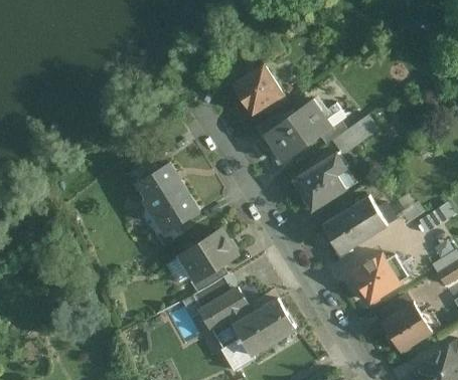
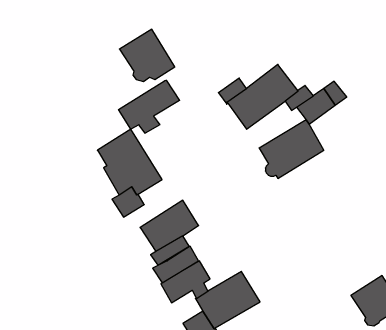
building: [234,64,287,115] -> [119,29,175,81]
building: none -> [119,80,180,133]
building: [322,195,389,258] -> none
building: [352,252,409,302] -> none

